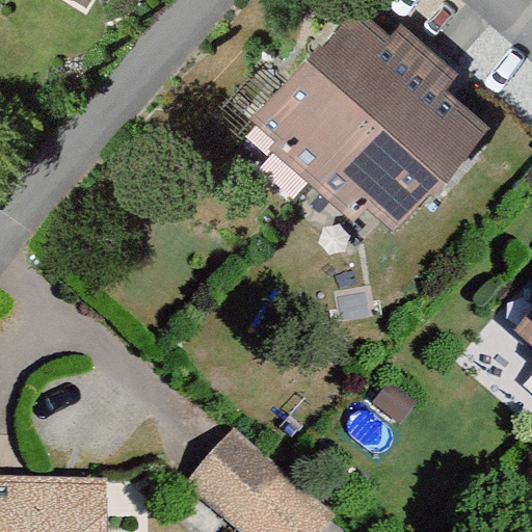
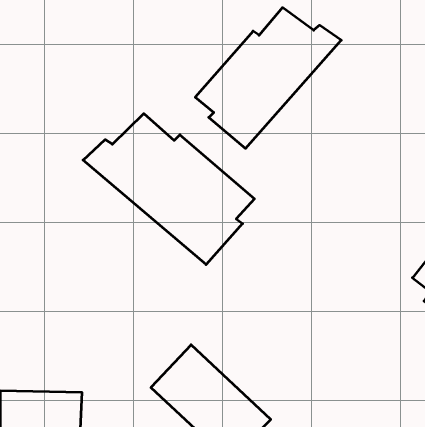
building: [309,52,484,235] -> none
building: none -> [83,114,254,265]

